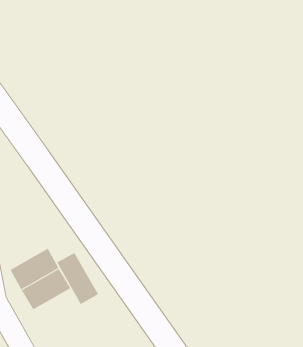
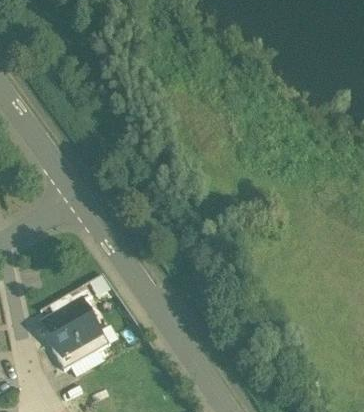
building: [56,252,99,305] -> none

